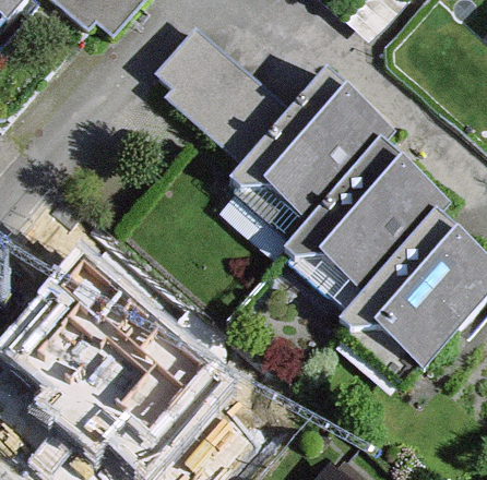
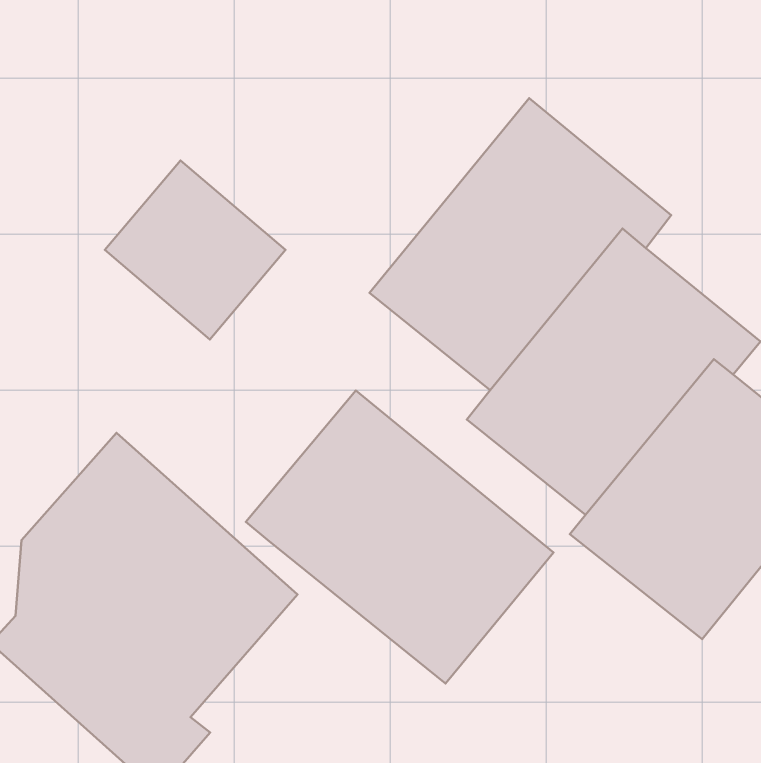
building: [154,28,256,129] -> [105,160,286,340]
building: none -> [246,391,553,683]

